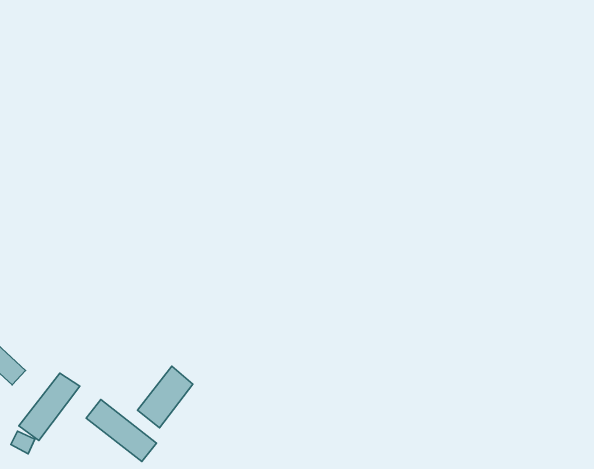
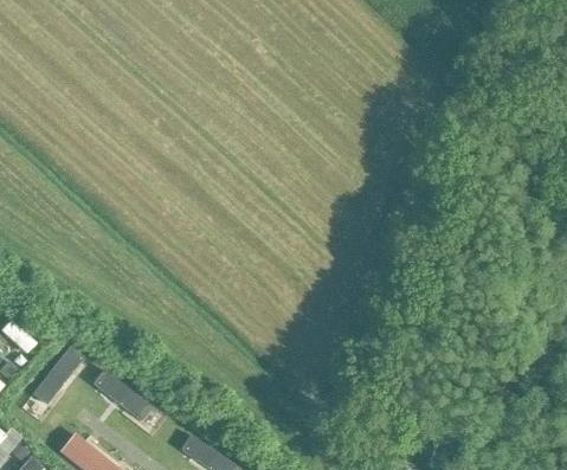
building: [138,366,193,428] -> none

